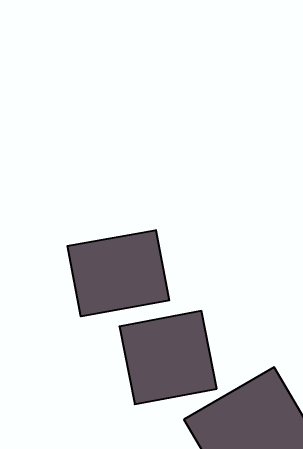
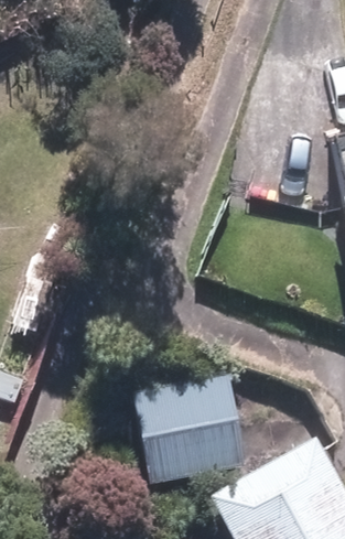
building: [67,230,169,316] -> none

